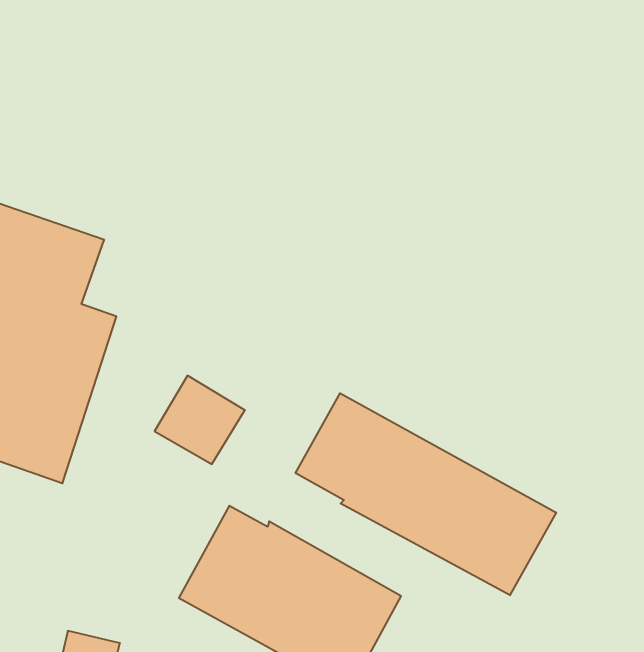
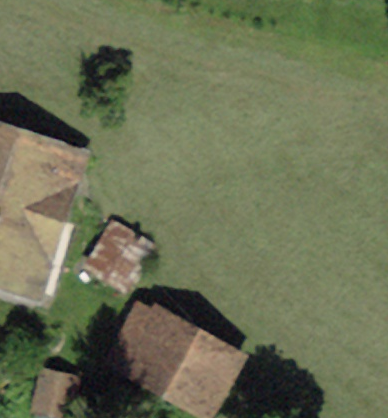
building: [296,393,556,595] -> none

